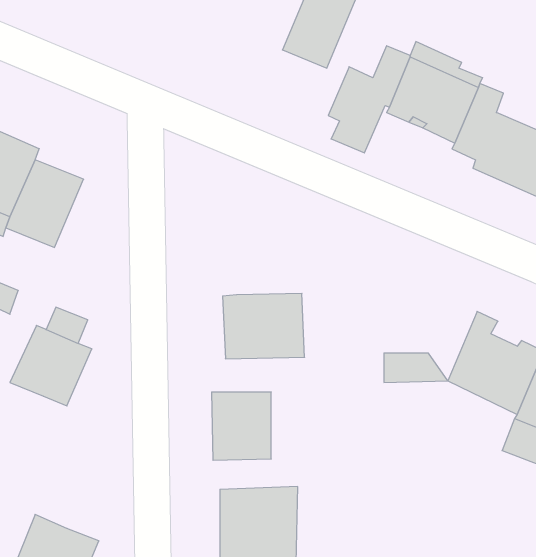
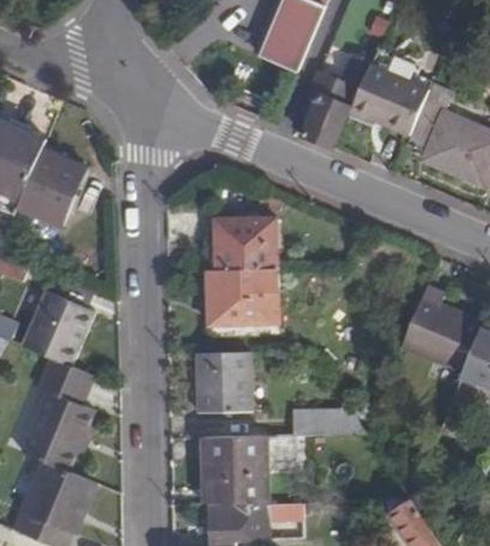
building: none -> [218,221,275,268]
building: [384,353,448,382] -> [309,408,364,434]
building: none -> [23,356,97,471]

